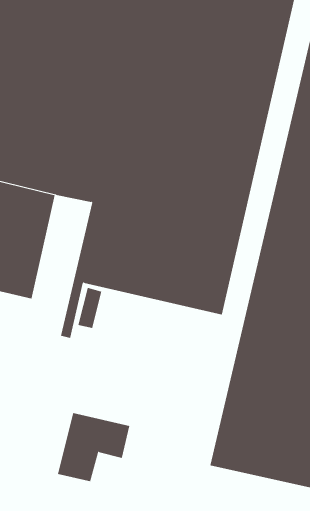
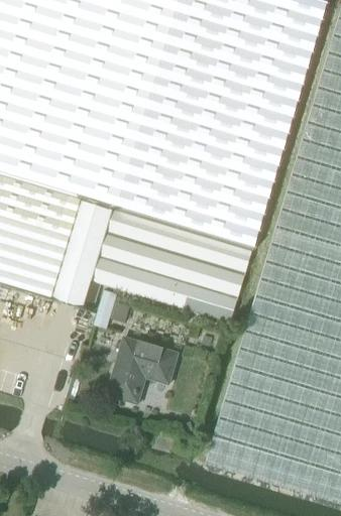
building: none -> [50,199,112,305]
building: [57,412,130,482] -> [105,336,177,402]

